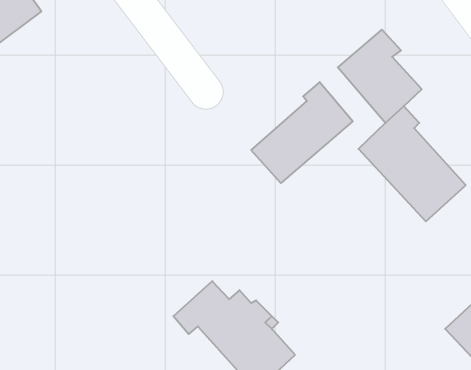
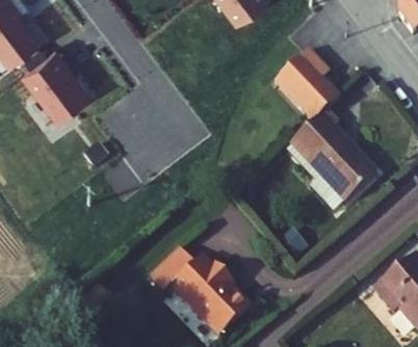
building: none -> [25,50,96,118]
building: [251,82,353,183] -> none

